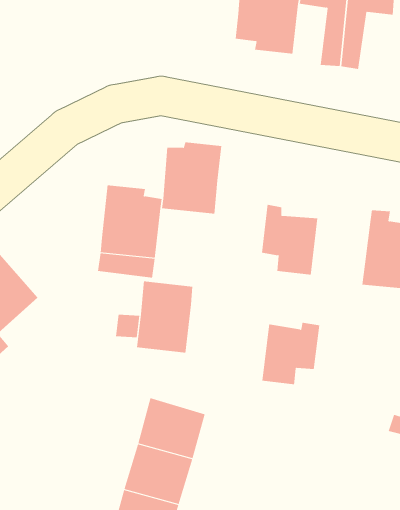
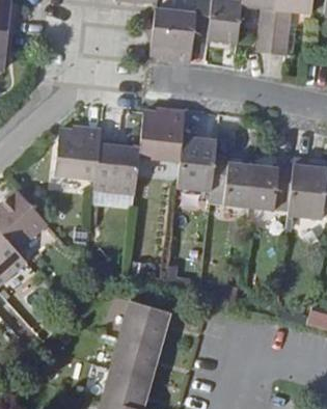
building: none -> [149,7,196,62]
building: none -> [56,128,100,180]
building: [136,281,193,353] -> [176,137,219,191]
building: [262,322,320,385] -> [251,164,295,211]

